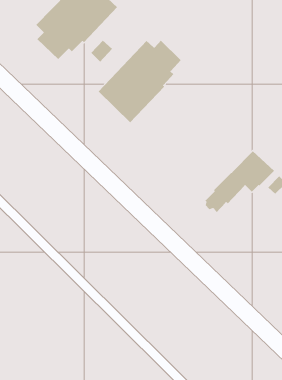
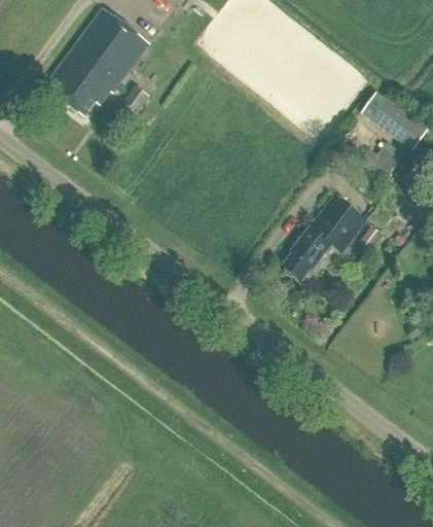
building: [98,40,181,123] -> none

